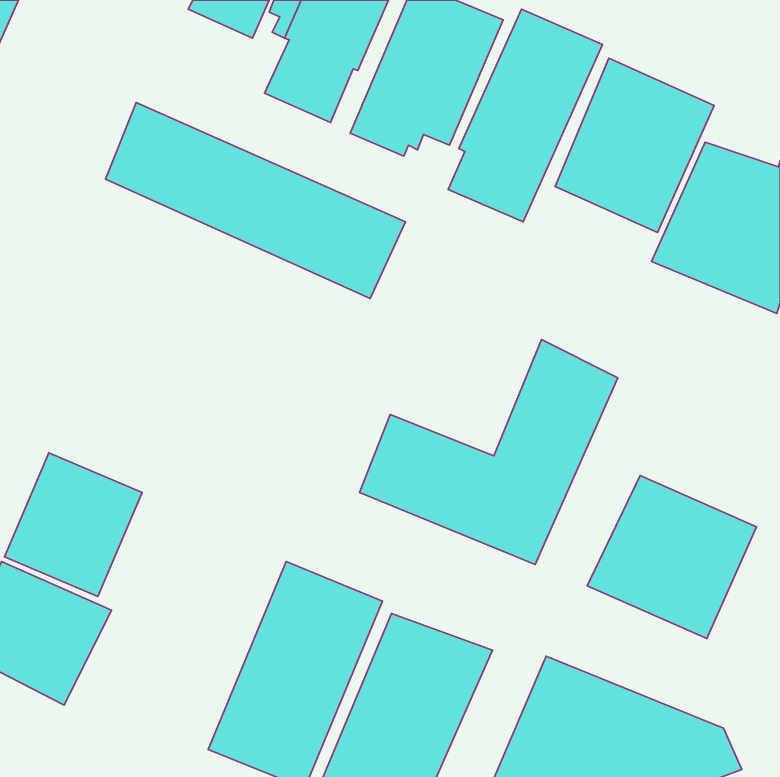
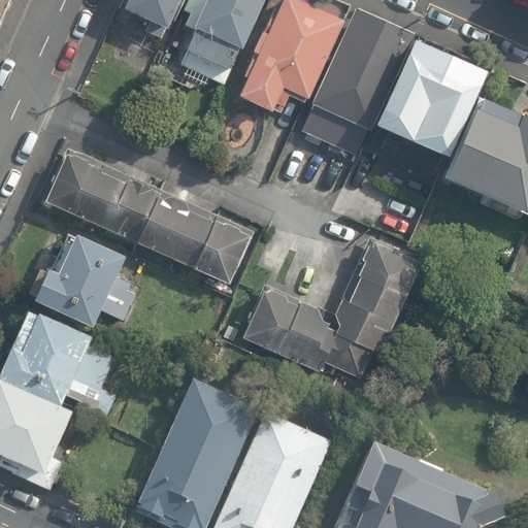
building: [106,103,405,298] -> [52,152,254,284]
building: none -> [30,232,128,326]
building: [587,476,756,638] -> none

